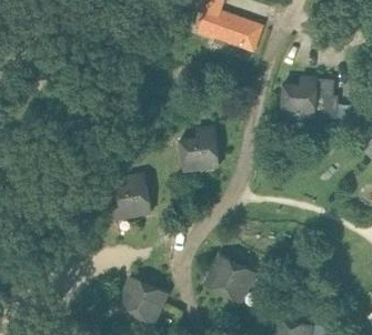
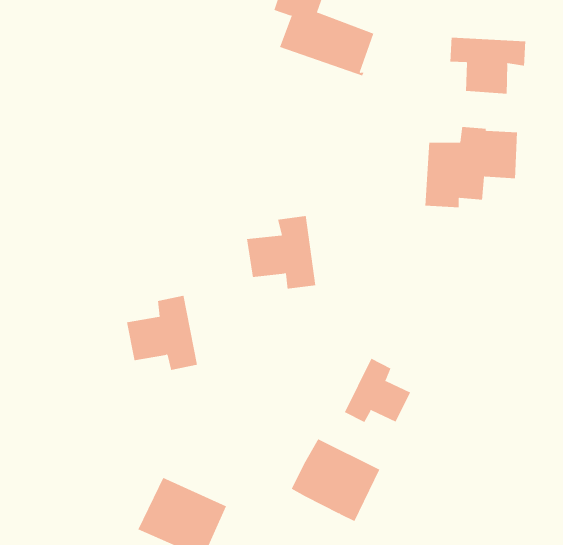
building: none -> [450,37,526,94]
building: none -> [344,358,411,423]

